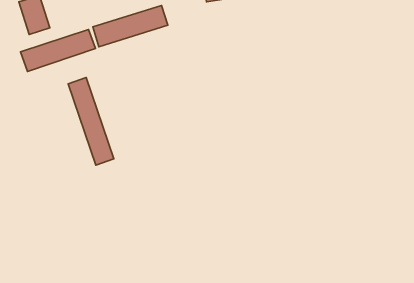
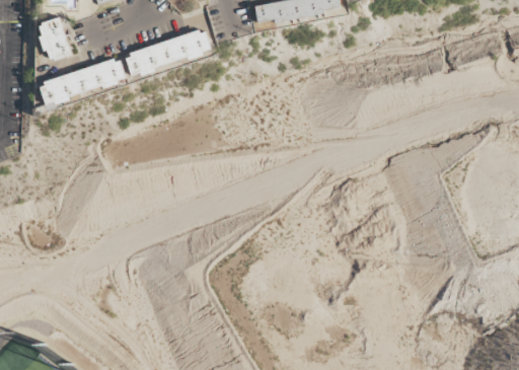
building: [68,78,114,165] -> none

